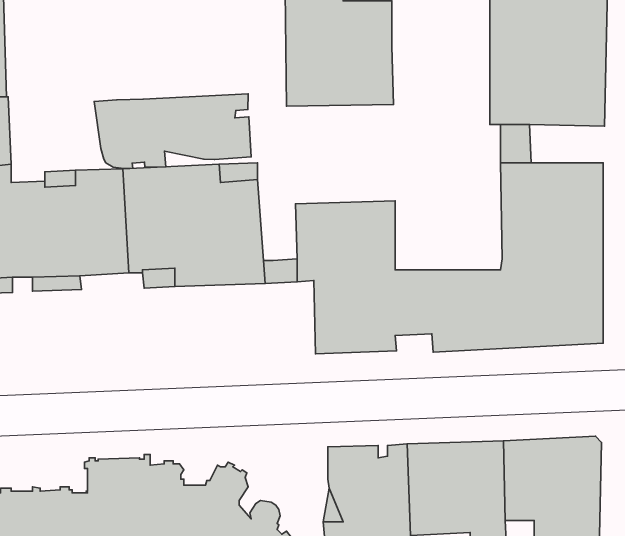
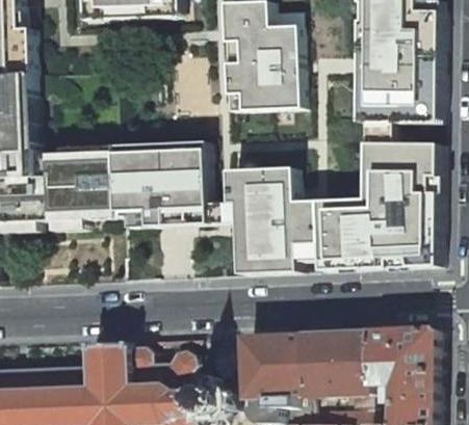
building: [94,94,251,169] -> none

